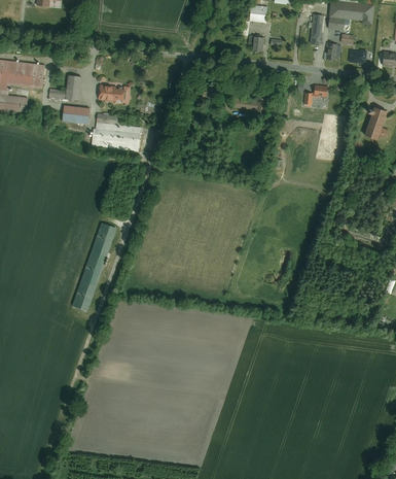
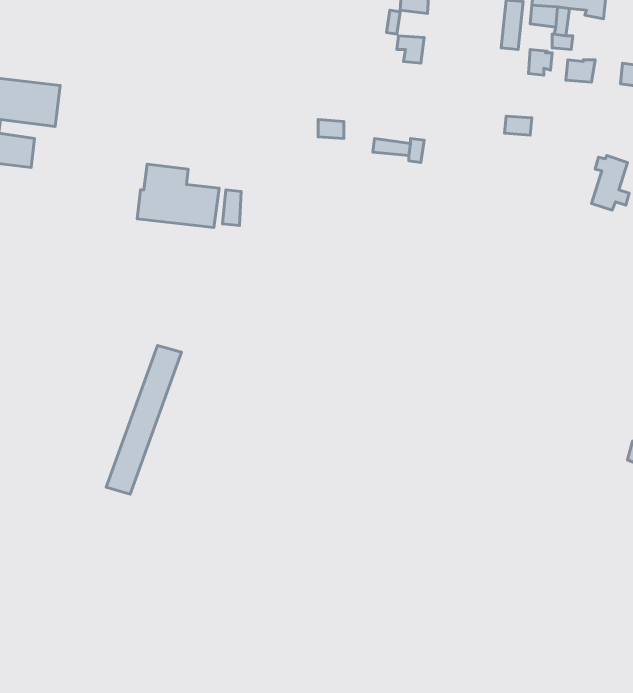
building: [48,74,80,100] -> none
building: [97,83,130,104] -> none
building: [61,104,89,124] -> none

